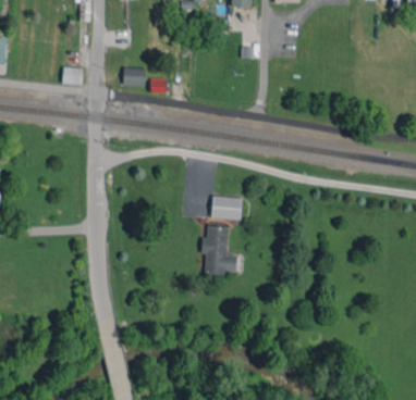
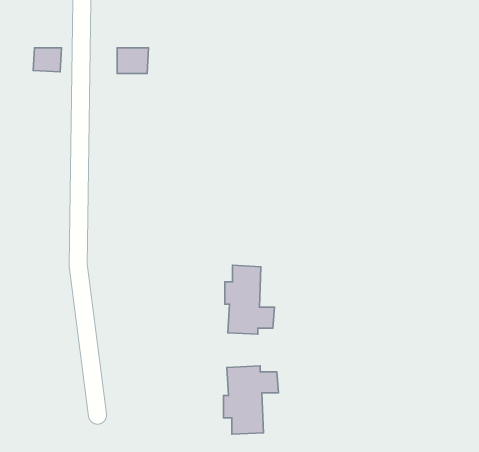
building: [211,196,241,220] -> none
building: none -> [223,366,278,434]

